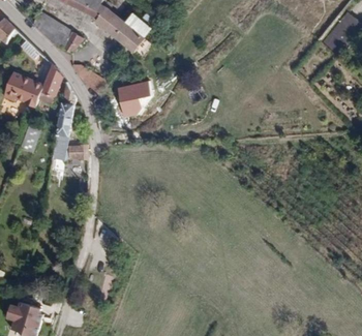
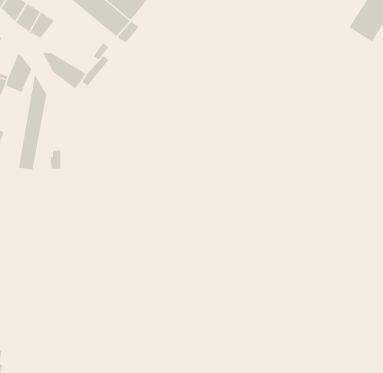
building: [117,79,154,112] -> none

